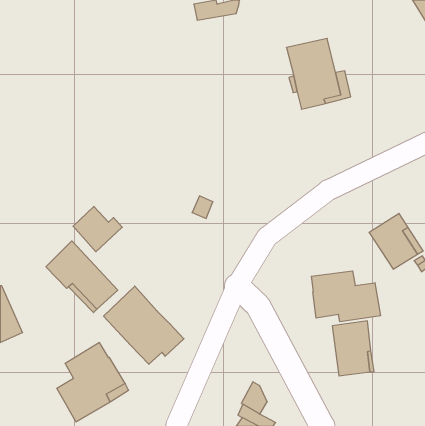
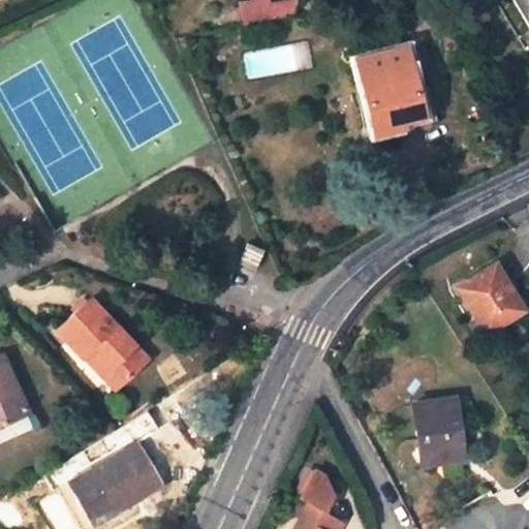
building: [73,206,122,252] -> none
building: [311,271,380,322] -> none
building: [104,286,184,364] -> none

